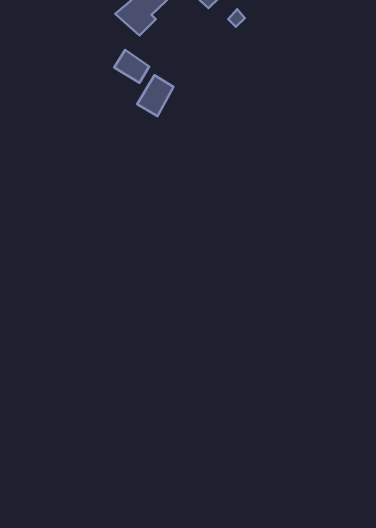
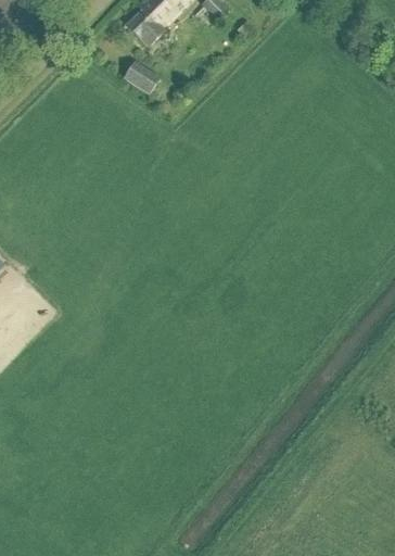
building: [137,75,173,116] -> none

